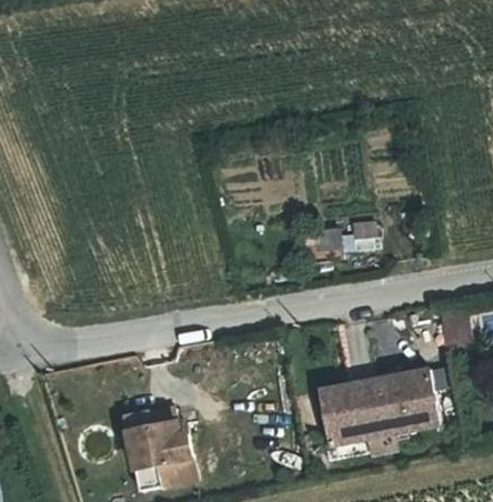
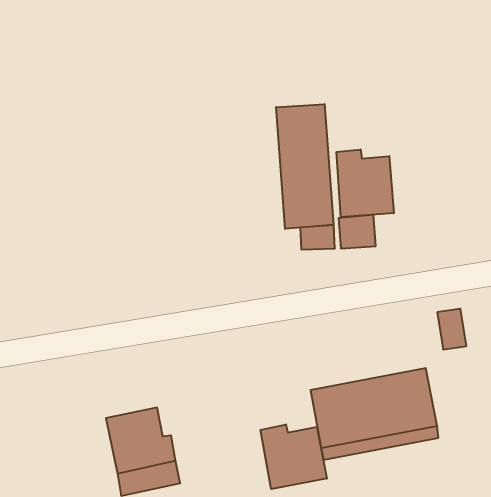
building: none -> [276,104,333,229]
building: none -> [337,149,394,217]
building: none -> [261,424,327,489]

